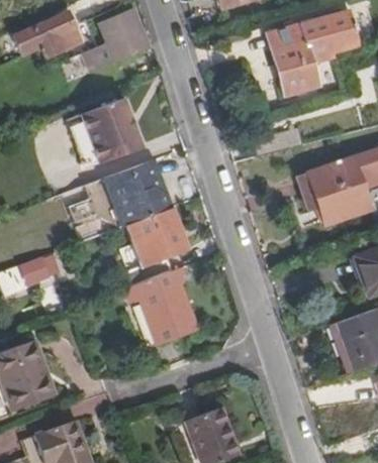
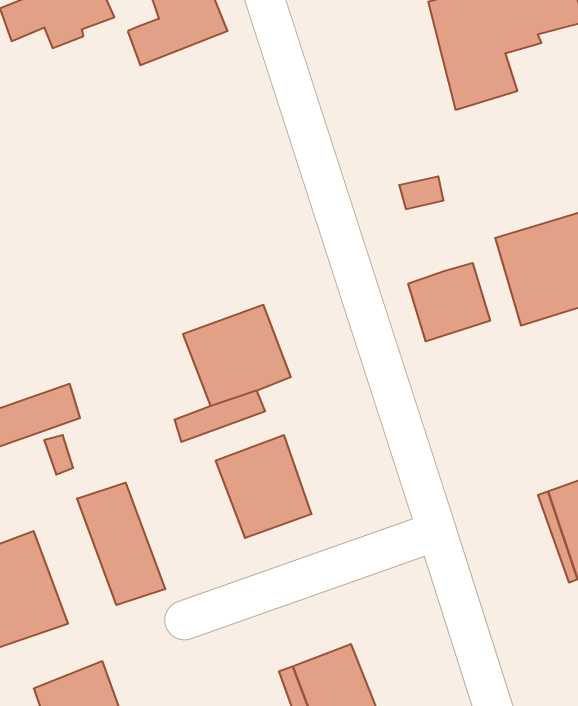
building: [71,96,139,159] -> none
building: [100,163,170,227] -> none
building: none -> [408,263,490,341]
building: none -> [77,483,165,605]

